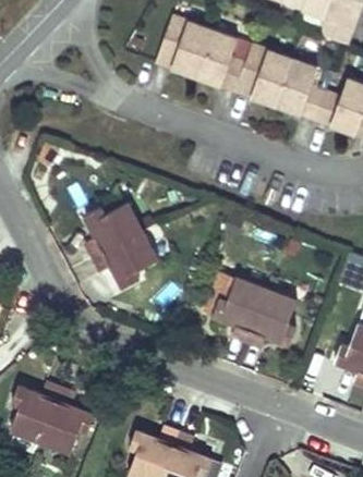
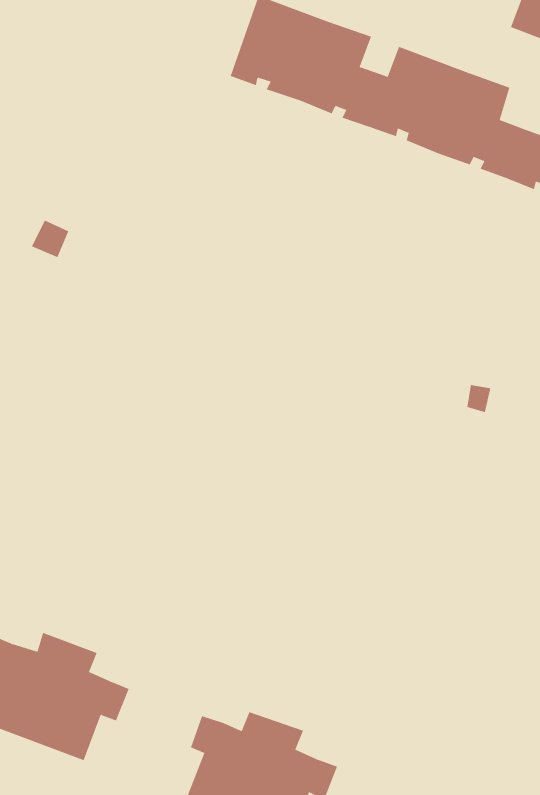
building: [85,207,157,292] -> none
building: [215,280,300,350] -> none

